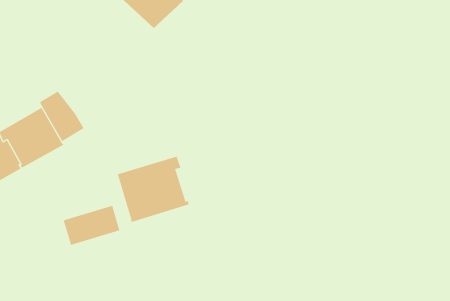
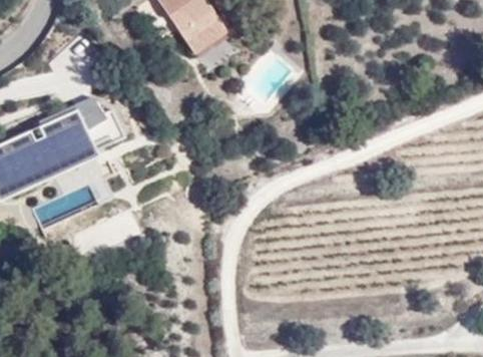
building: [117,156,189,223] -> none

